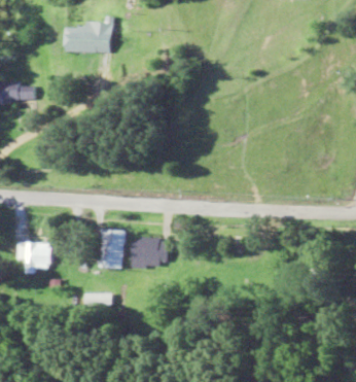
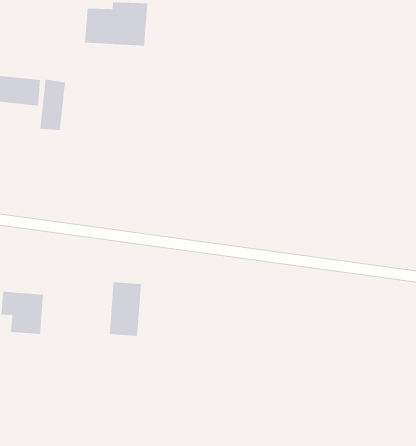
building: none -> [40,79,65,131]
building: [132,237,169,267] -> none

